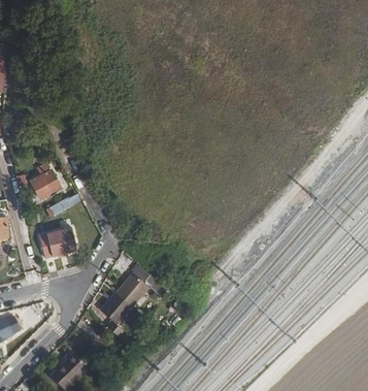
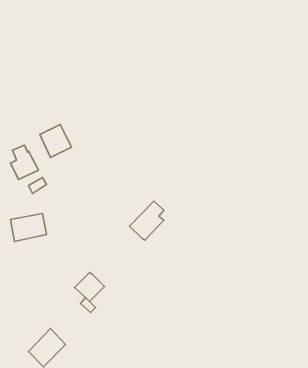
building: none -> [40,124,71,158]
building: [116,268,152,308] -> [130,201,164,240]

